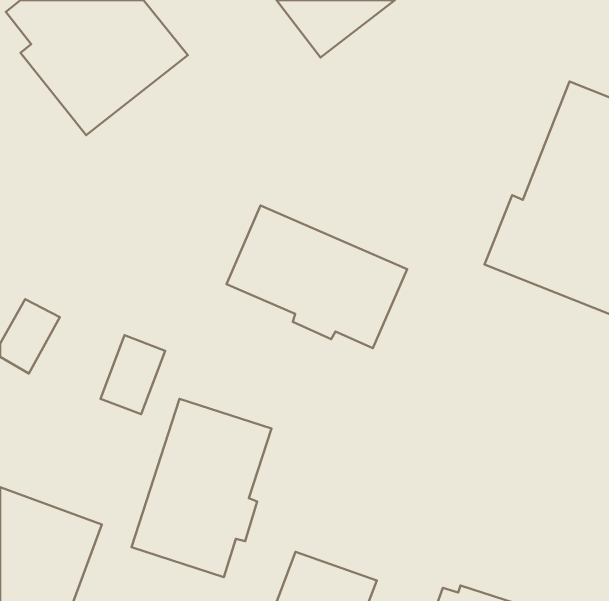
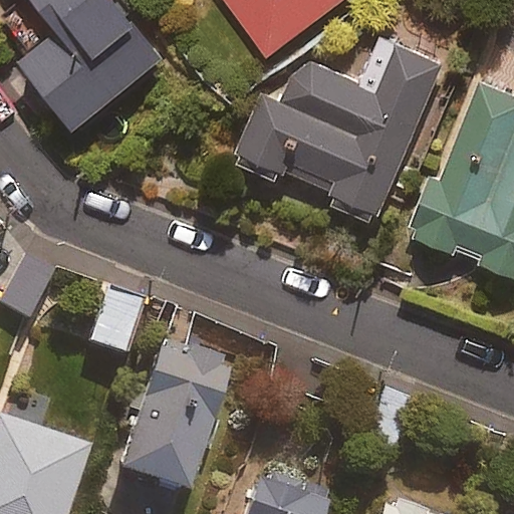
building: none -> [237,43,443,216]
building: [226,205,407,348] -> none

